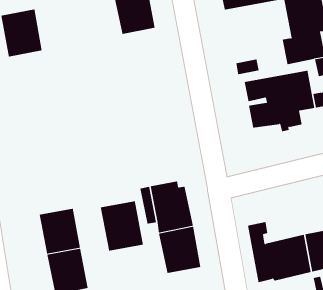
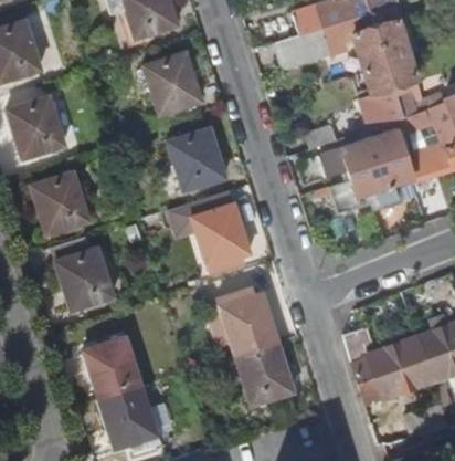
building: none -> [168,127,225,190]
building: none -> [31,170,88,234]
building: none -> [192,203,250,266]
building: none -> [51,234,113,311]
building: [100,201,144,252] -> none

